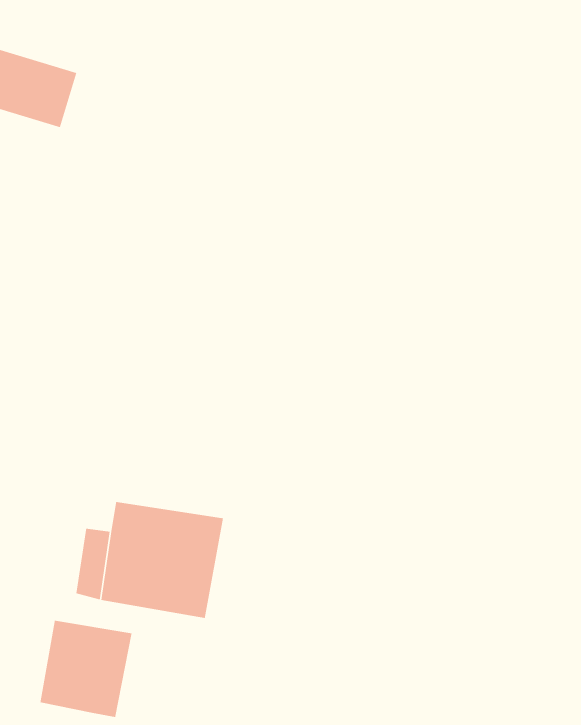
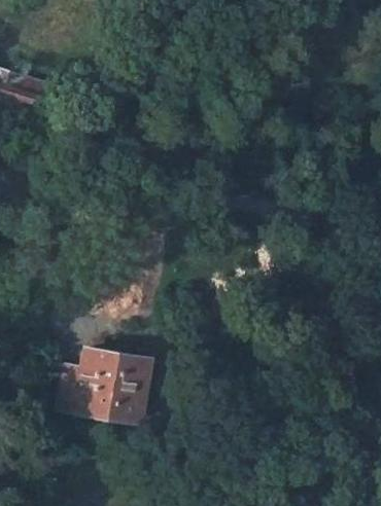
building: [40,620,132,718] -> none

